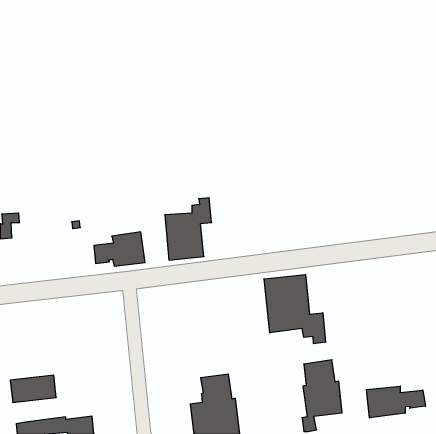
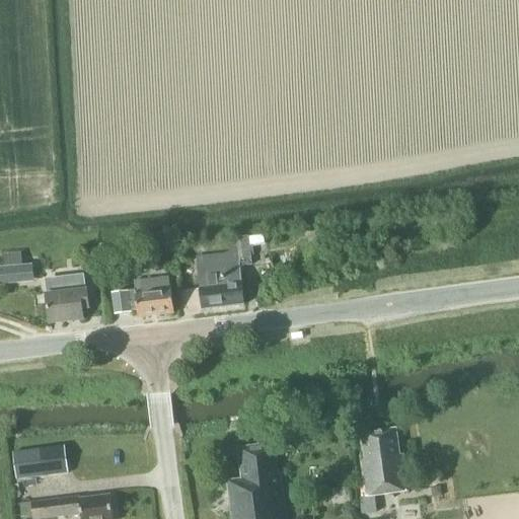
building: none -> [46,276,88,320]
building: [264,274,326,344] -> none
building: [366,386,425,418] -> none

